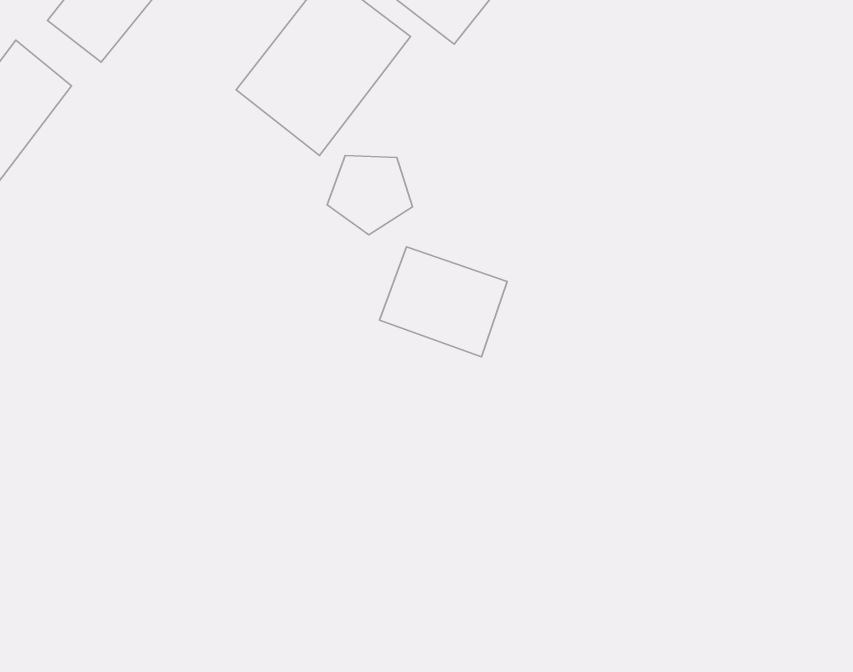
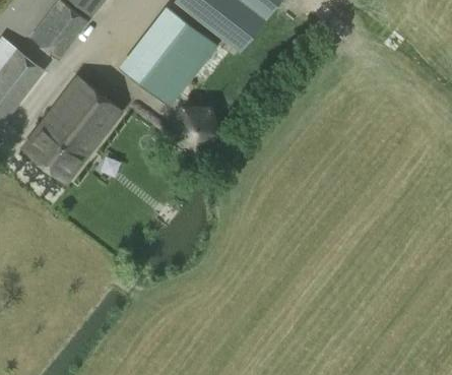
building: none -> [28,77,126,179]
building: [380,247,507,357] -> none

